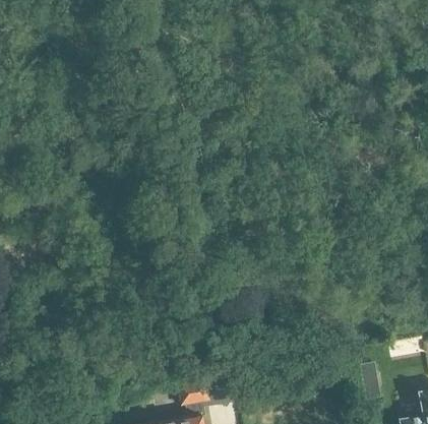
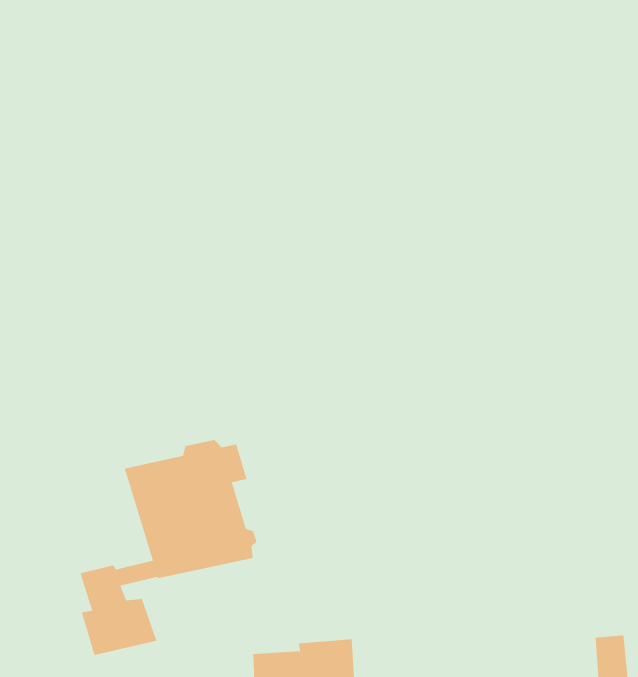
building: none -> [80,439,257,656]

